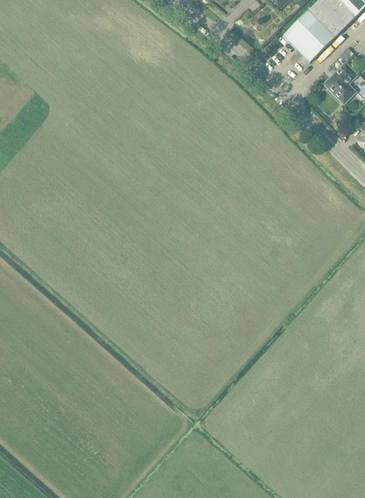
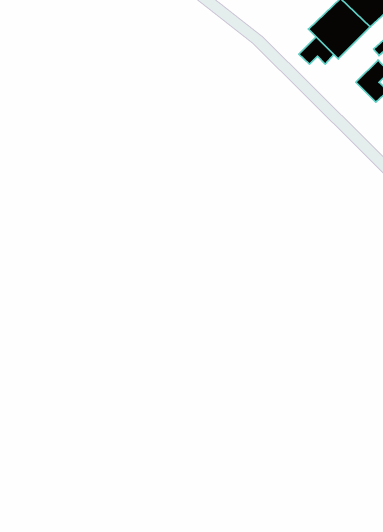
building: none -> [299,37,334,64]

